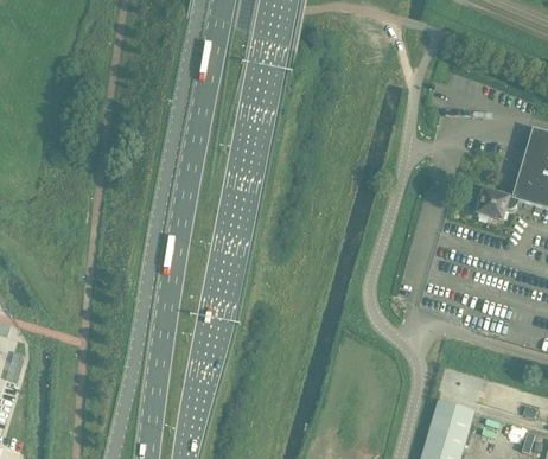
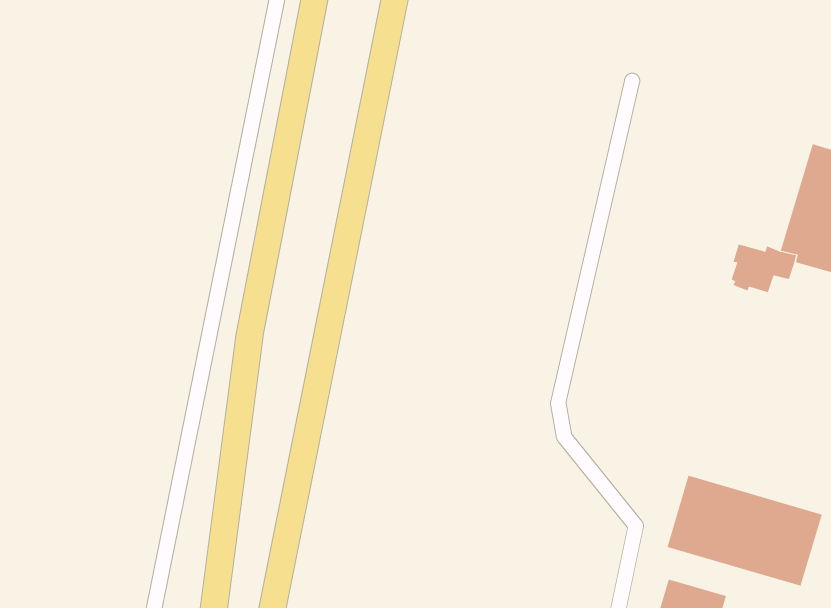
building: none -> [667,475,822,587]

